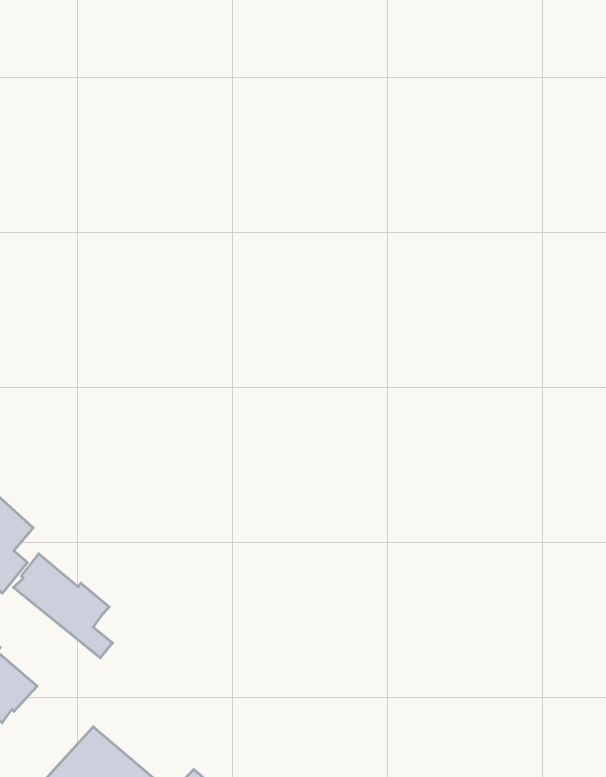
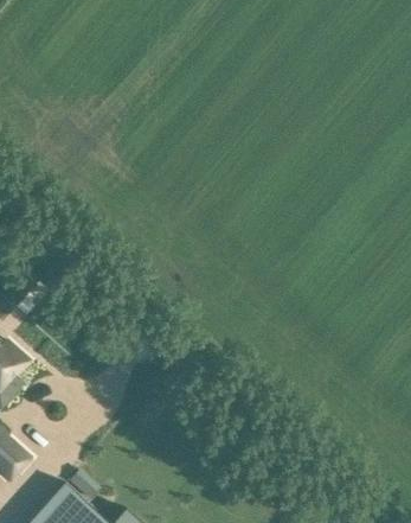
building: [13,554,113,658] -> none

